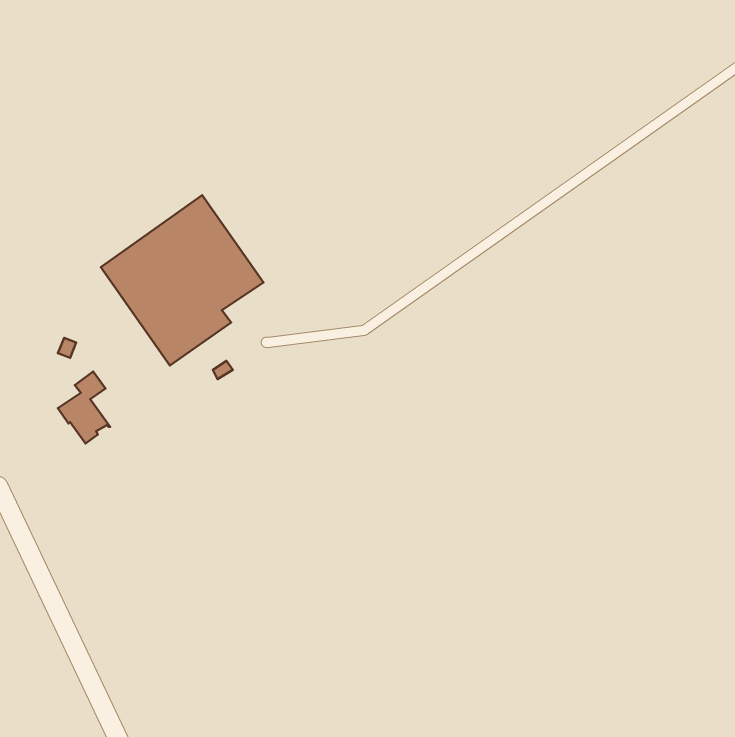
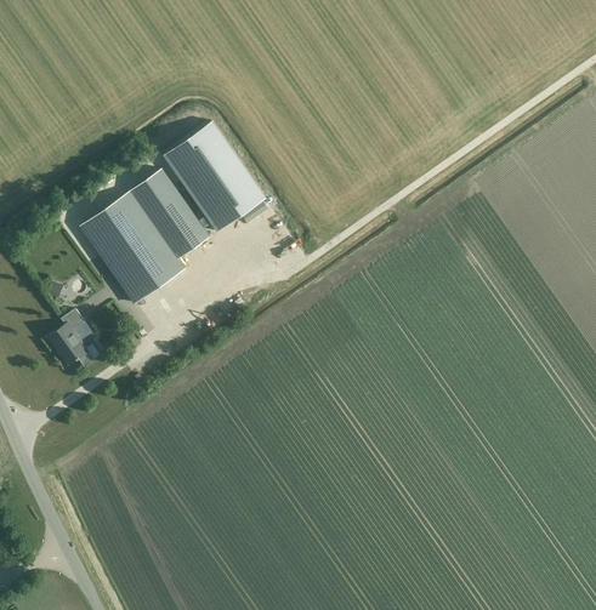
building: none -> [164,121,266,232]

